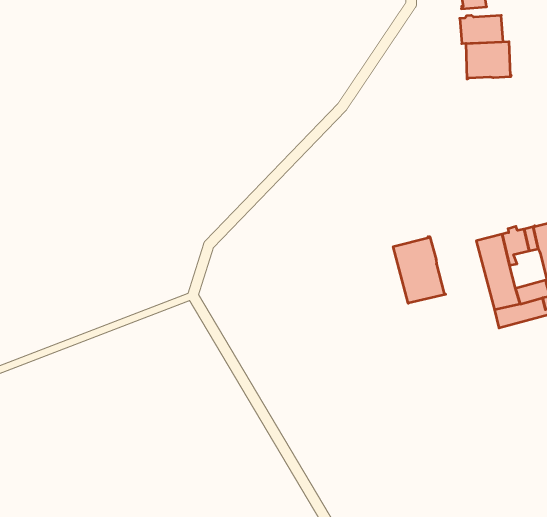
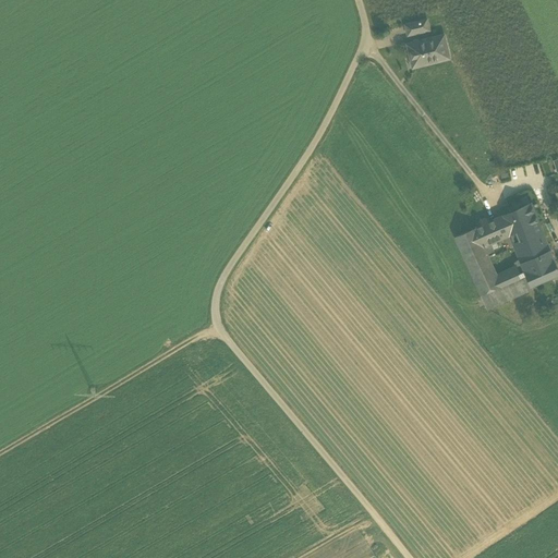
building: [466,42,511,79] -> none
building: [393,237,446,303] -> none

